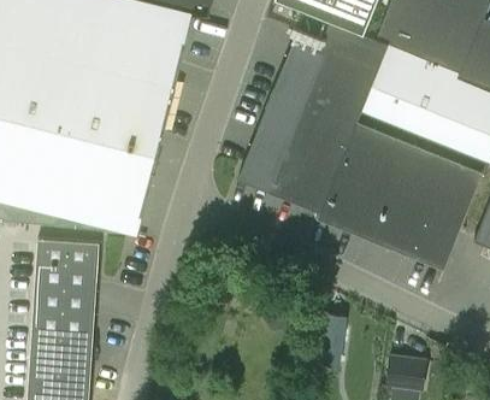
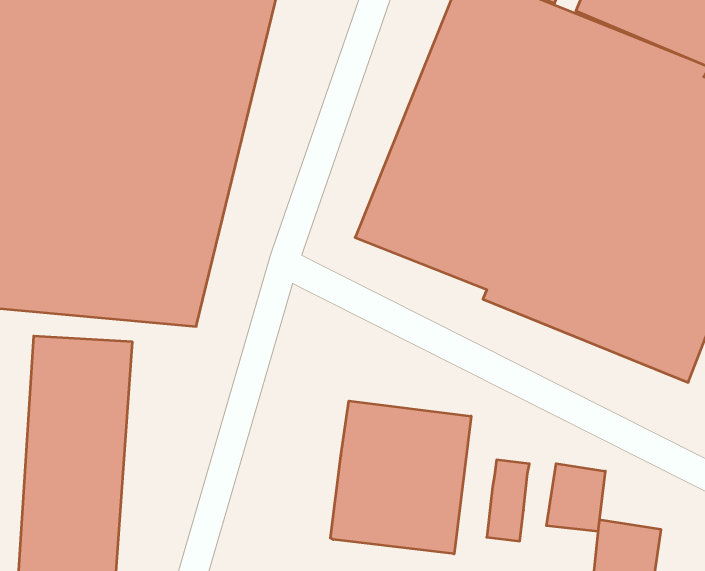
building: none -> [330,401,471,554]
building: none -> [546,464,605,532]

